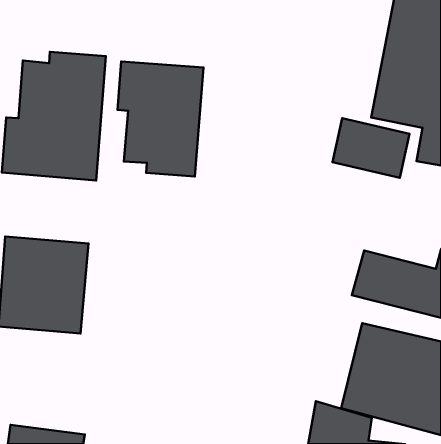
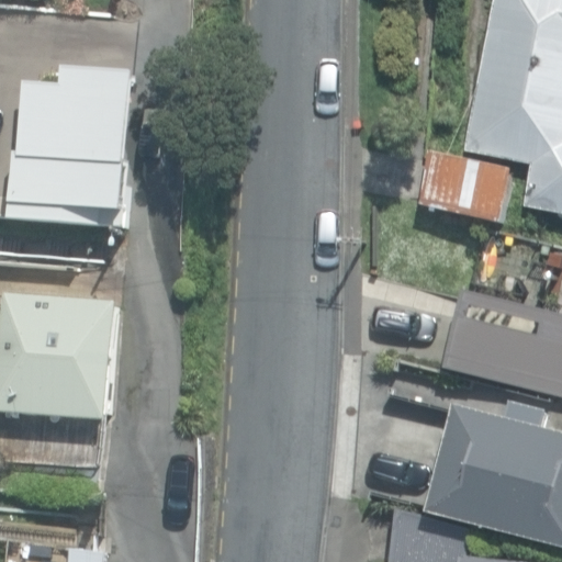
building: [117,61,203,177] -> none

